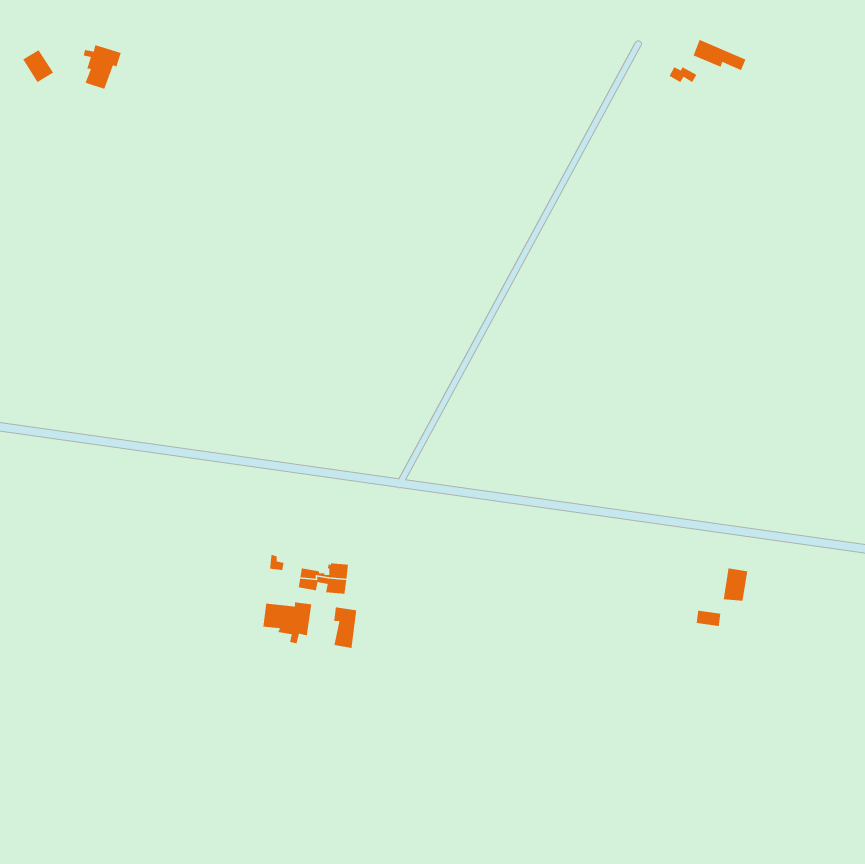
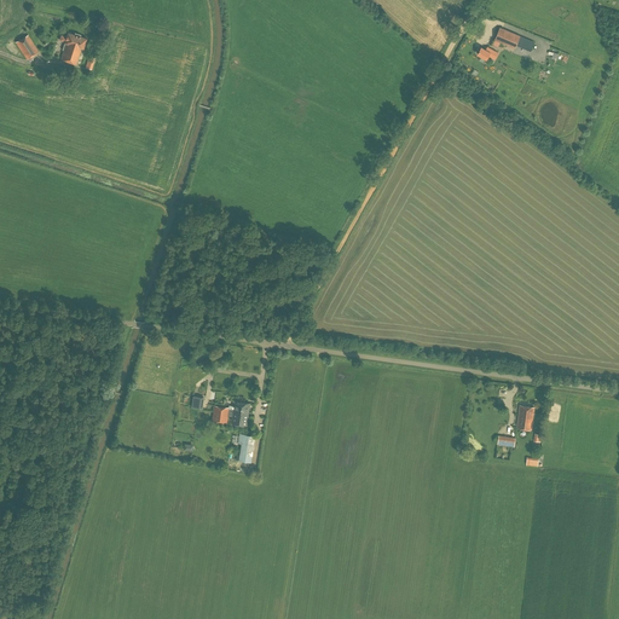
building: [262,602,312,644] -> none

